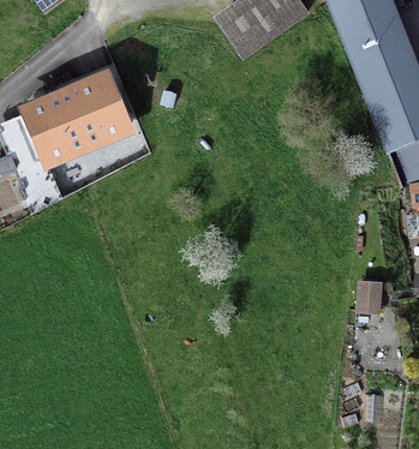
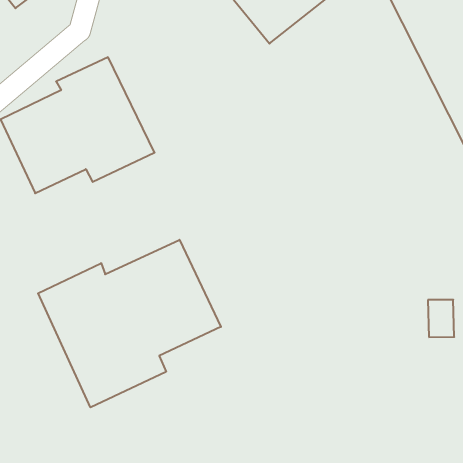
building: none -> [38,240,221,407]

